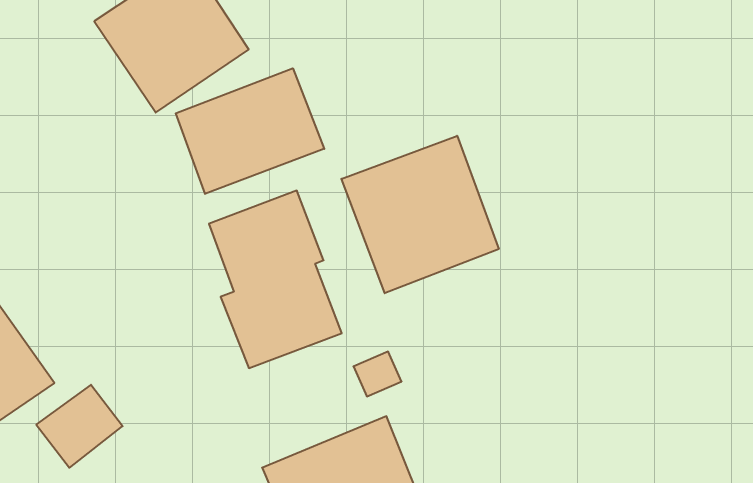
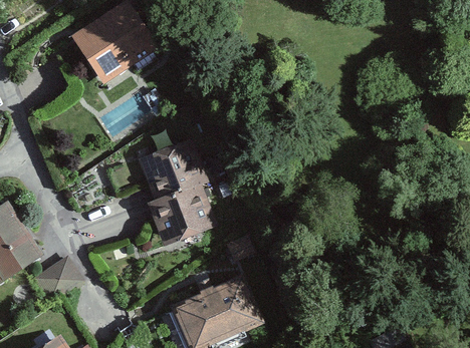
building: [176,68,324,194] -> none
building: [341,136,499,293] -> none

